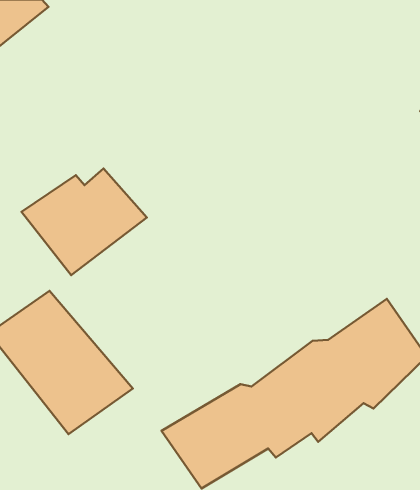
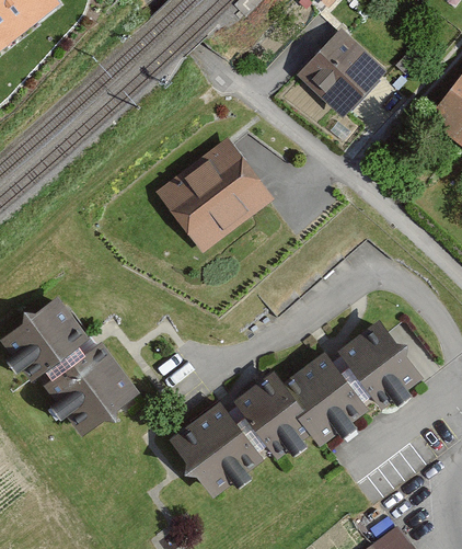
building: none -> [297,26,385,117]
building: [21,169,147,275] -> [153,148,277,253]

